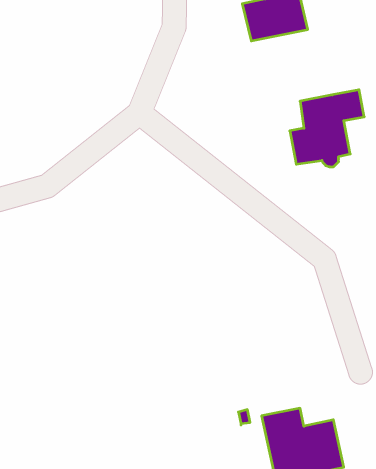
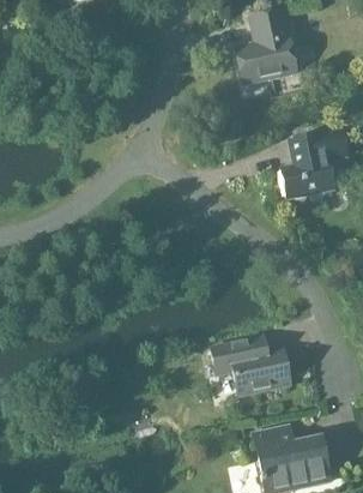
building: none -> [210,337,290,393]

